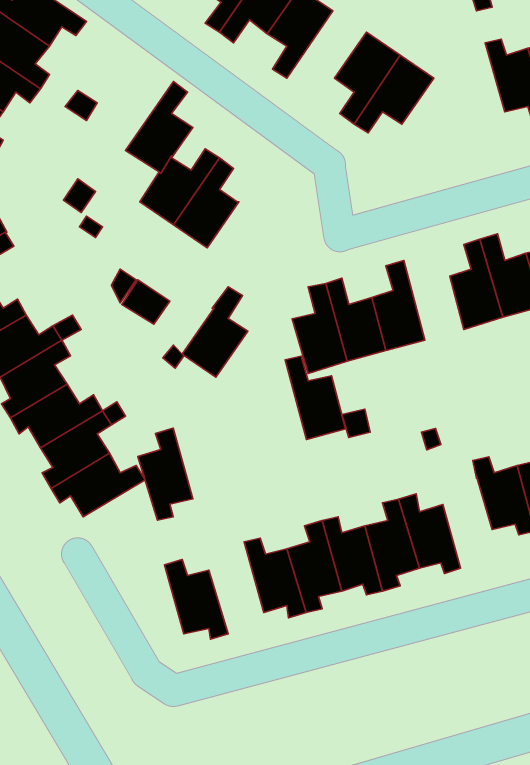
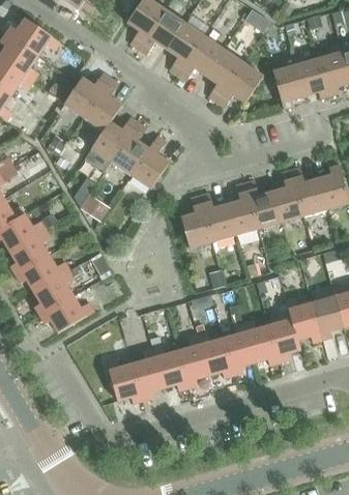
building: none -> [177,36,224,81]
building: none -> [272,55,304,109]
building: none -> [63,72,111,118]
building: [182,287,248,377] -> [130,136,169,188]
building: [285,356,346,439] -> [245,180,281,229]
building: [138,428,193,520] -> [132,347,164,401]
building: none -> [268,309,300,362]

